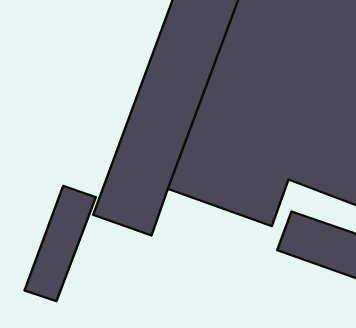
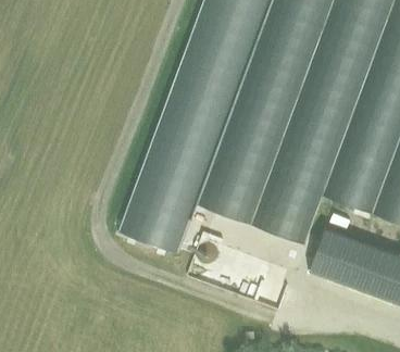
building: [25,186,96,301] -> none

